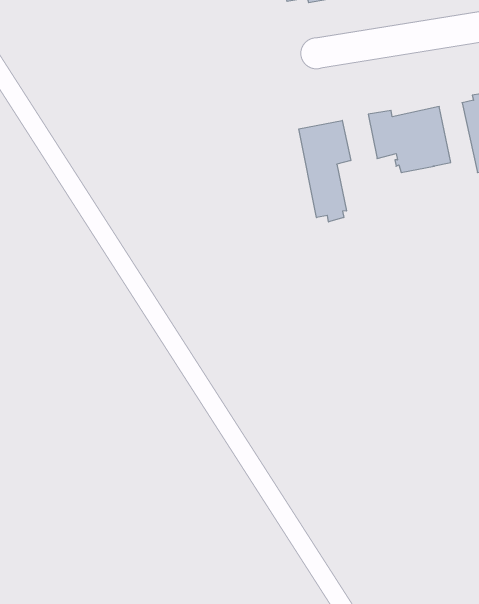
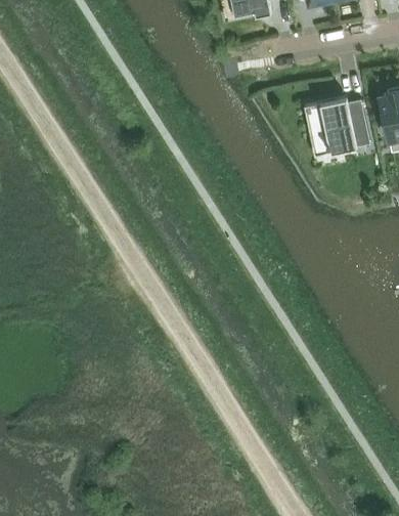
building: [299,120,351,222] -> none

